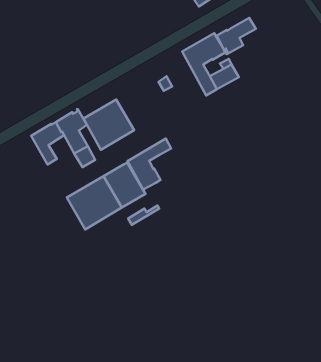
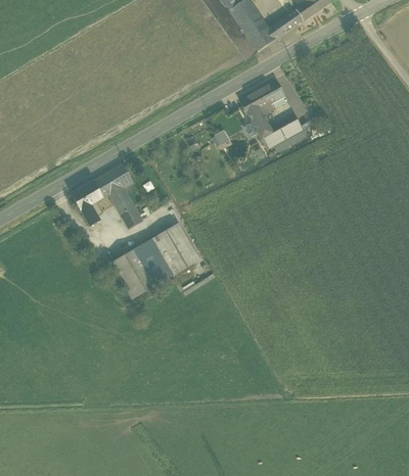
building: [217,18,256,54] -> none
building: [83,100,134,150] -> none
building: [127,139,171,190] -> none

